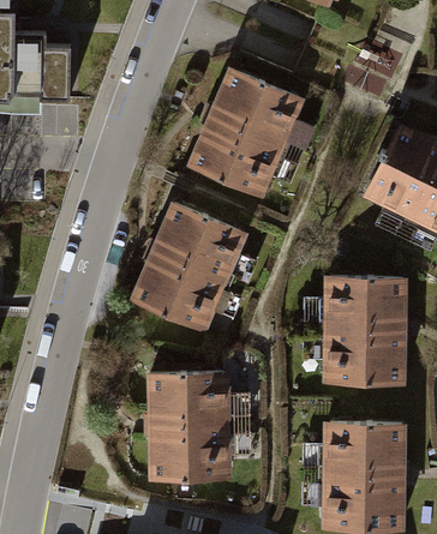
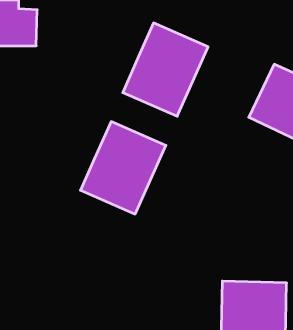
building: [325,280,409,389] -> none
building: [150,371,232,480] -> none

